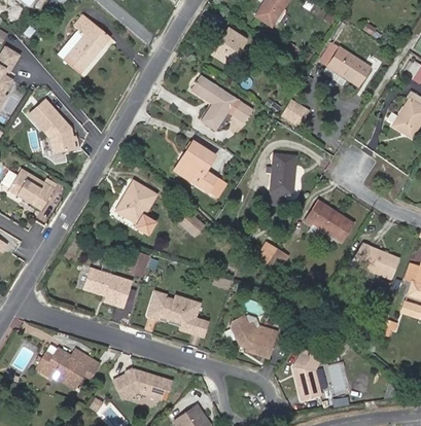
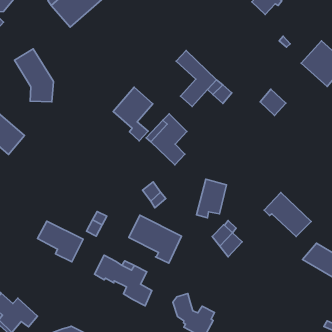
building: [213,30,245,66] -> none
building: [271,154,295,192] -> [197,179,227,218]
building: [117,182,155,235] -> [113,87,153,141]
building: none -> [129,215,181,263]

